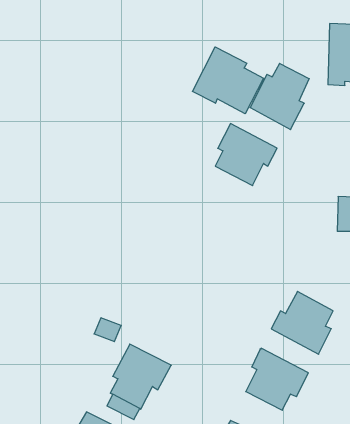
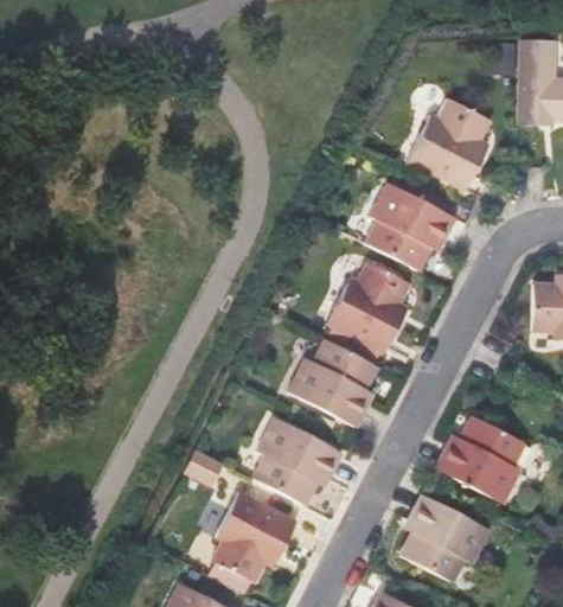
building: [192,47,263,114] -> none
building: none -> [326,261,409,353]
building: none -> [290,338,377,424]
building: none -> [254,417,341,505]

